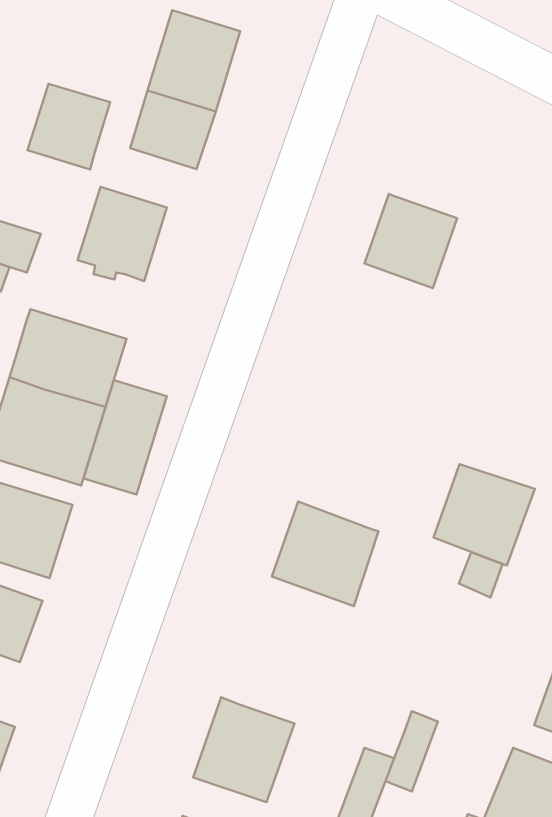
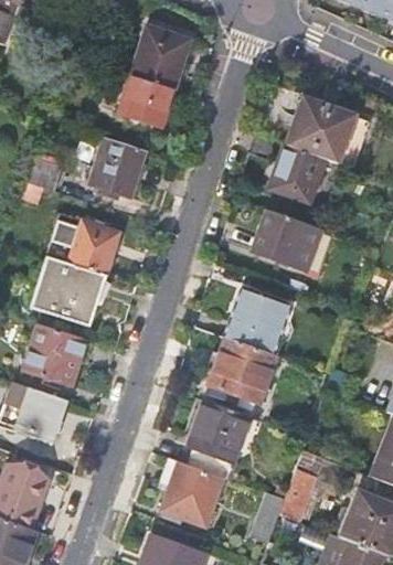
building: [27,84,110,169] -> none
building: none -> [286,96,352,161]
building: none -> [252,209,320,267]
building: [84,380,167,494] -> none
building: [433,464,535,566] -> [226,290,290,354]
building: none -> [189,402,251,479]

